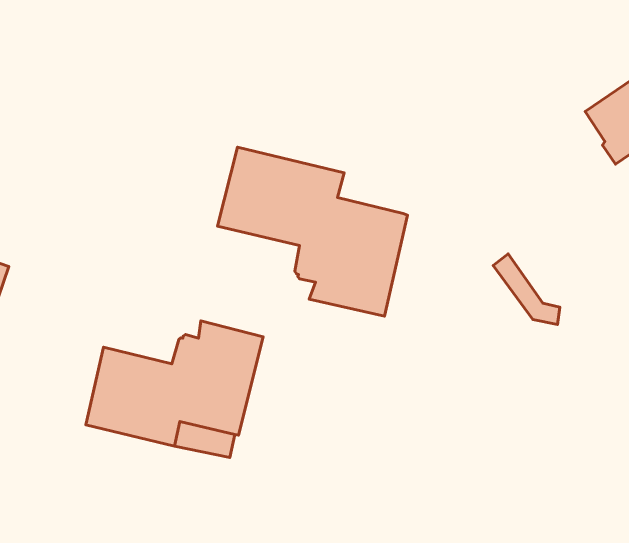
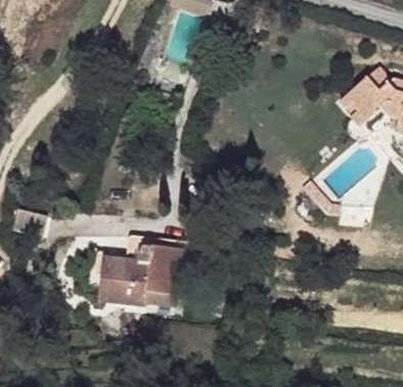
building: [218,147,408,316] -> none

